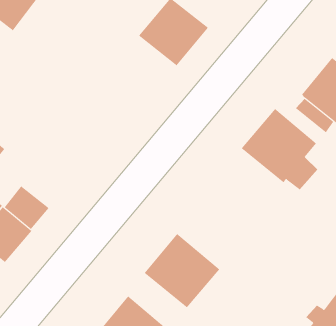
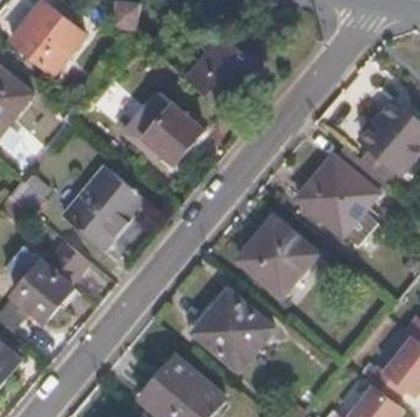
building: none -> [112,92,203,164]
building: none -> [62,167,143,249]
building: none -> [237,217,316,296]

